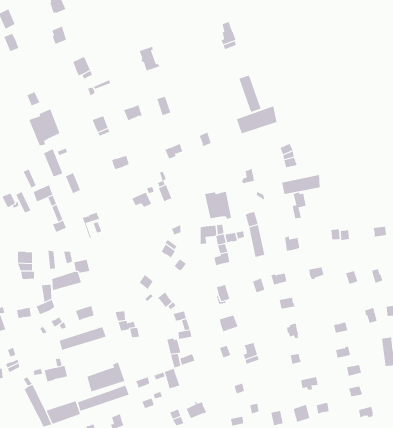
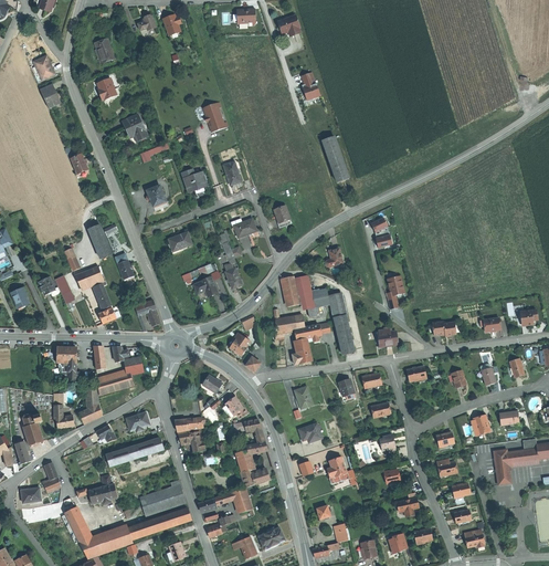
building: [236,106,277,134] -> none
building: [29,108,60,146] -> none
building: [281,174,320,195] -> none

